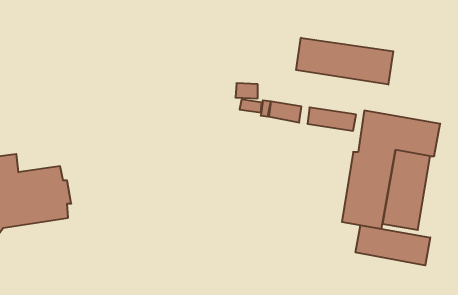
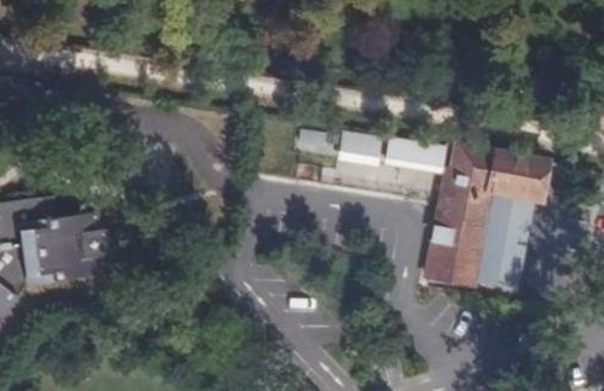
building: [296,38,393,85] -> none
building: [356,225,430,265] -> none

